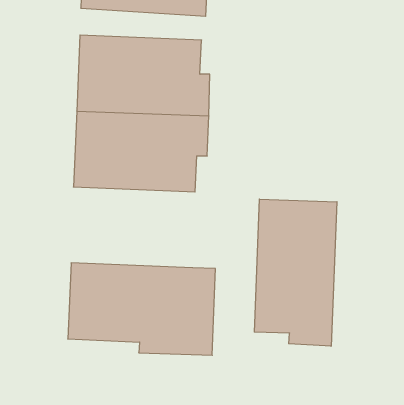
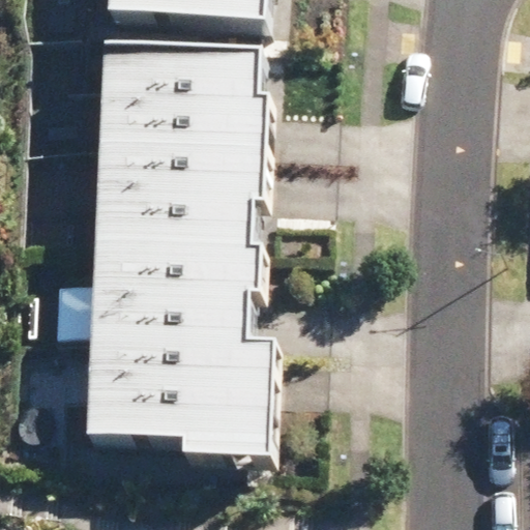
building: none -> [90,237,261,340]
building: [254,199,337,346] -> none

